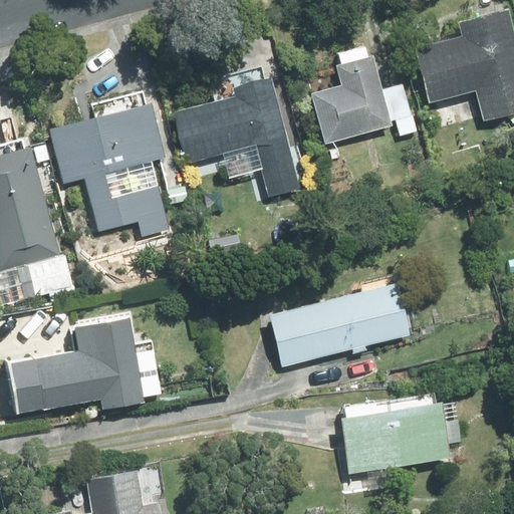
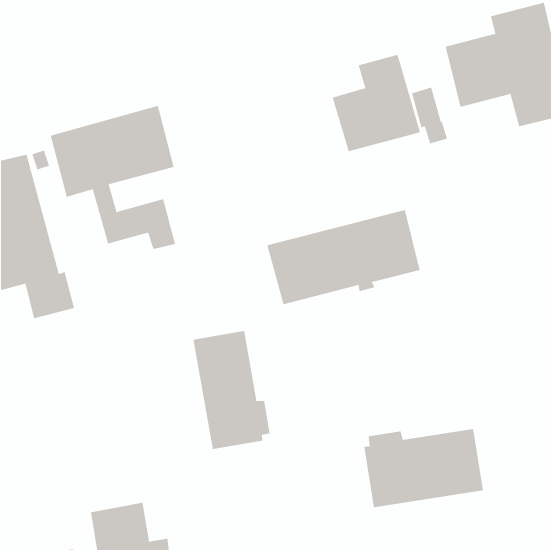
building: [173,75,301,198] -> none
building: [267,279,410,367] -> [267,209,421,305]
building: none -> [193,330,270,450]
building: [31,316,143,411] -> none

